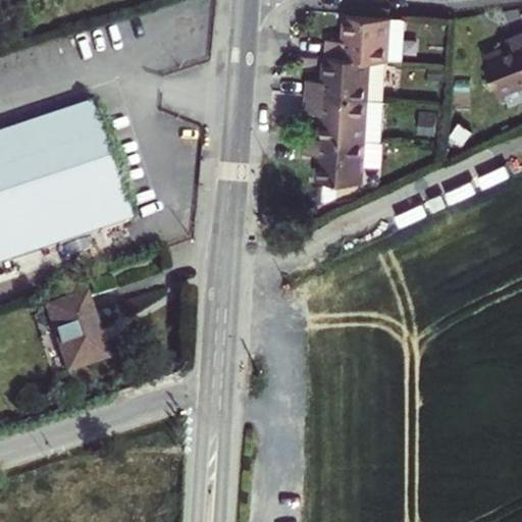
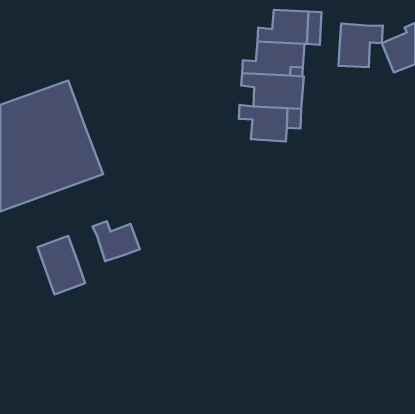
building: none -> [338,23,383,67]
building: none -> [93,221,140,261]

